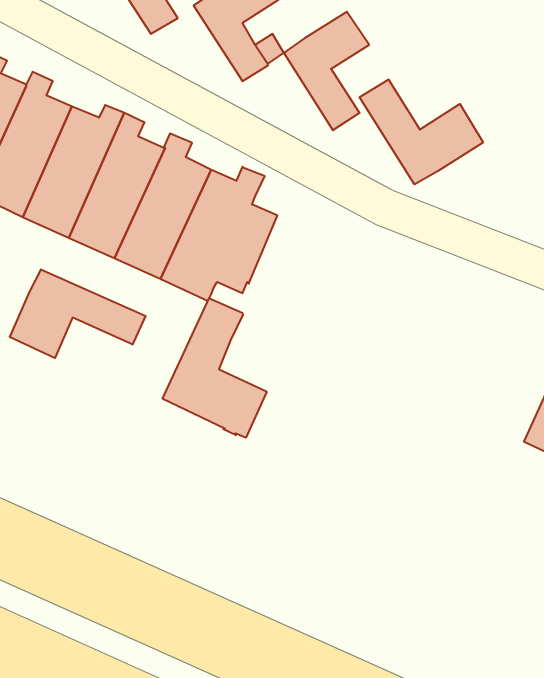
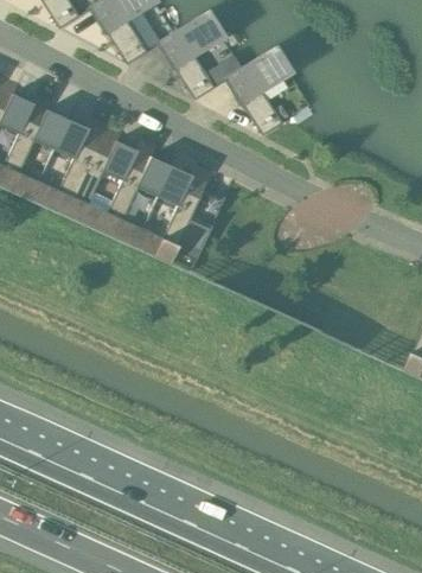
building: [360,79,483,184] -> none
building: [10,269,146,358] -> none
building: [163,298,267,438] -> none

